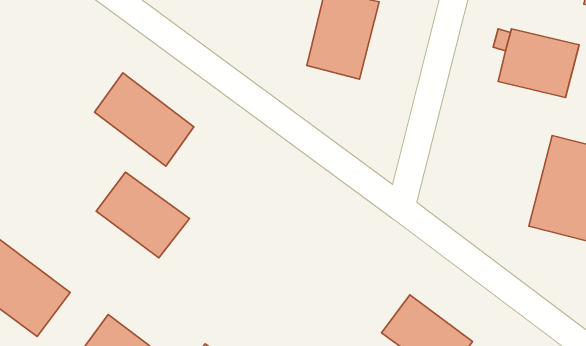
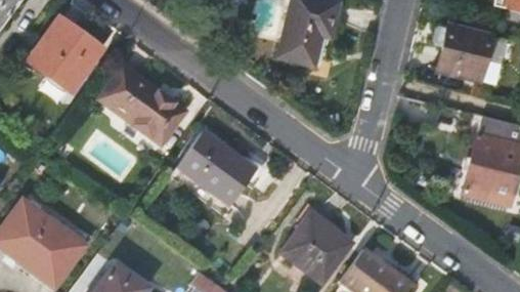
building: none -> [29,16,103,91]
building: [96,172,189,258] -> [178,130,256,202]
building: none -> [285,211,353,279]

